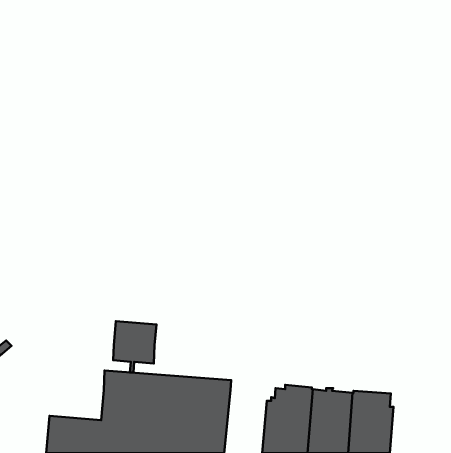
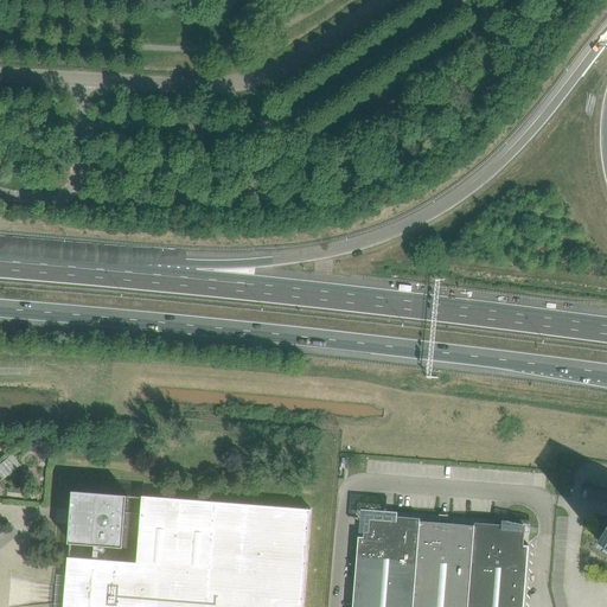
building: [113,321,156,373] -> [68,490,126,558]

